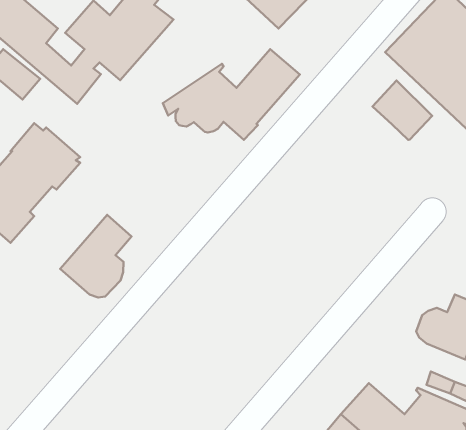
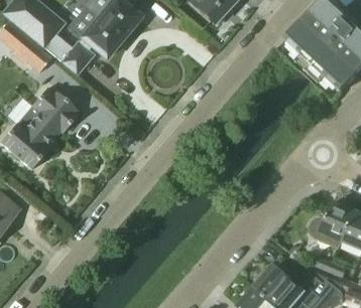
building: [163,49,300,140] -> none
building: [373,81,432,140] -> none
building: [60,215,132,298] -> none

